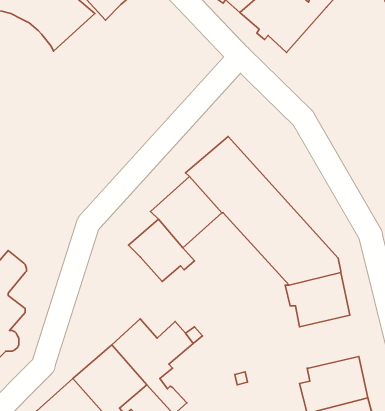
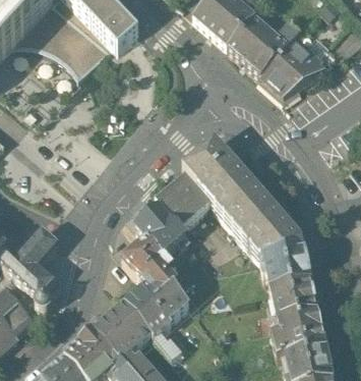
building: none -> [260,38,322,94]
building: none -> [121,234,175,298]
building: none -> [270,280,317,322]

